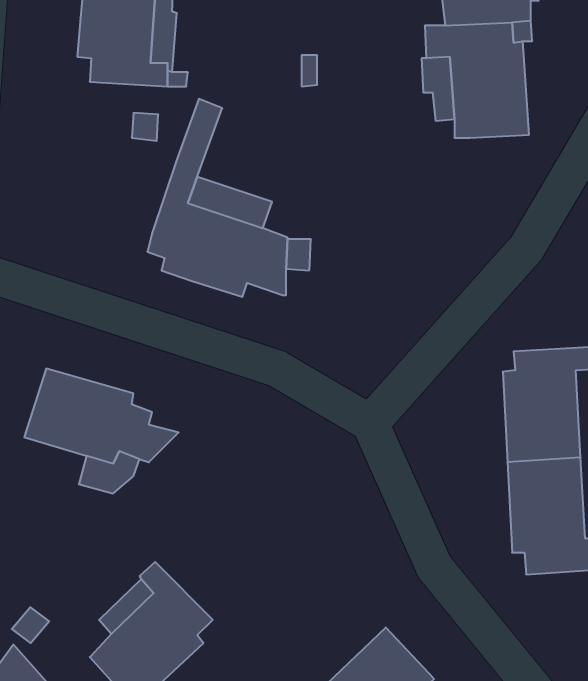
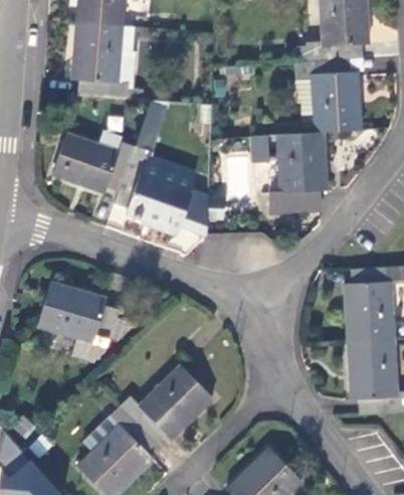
building: none -> [250,132,327,216]
building: none -> [52,133,135,193]
building: none -> [121,364,213,443]

